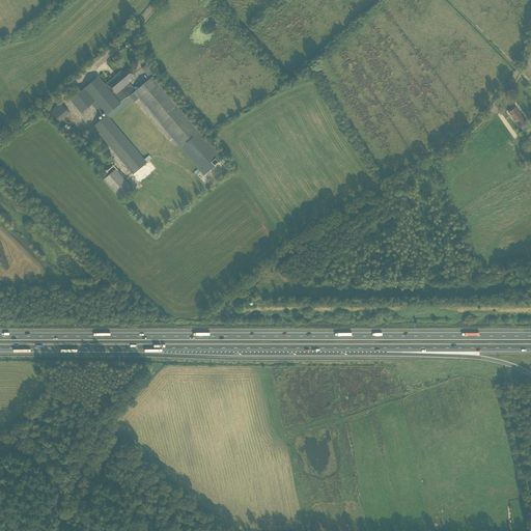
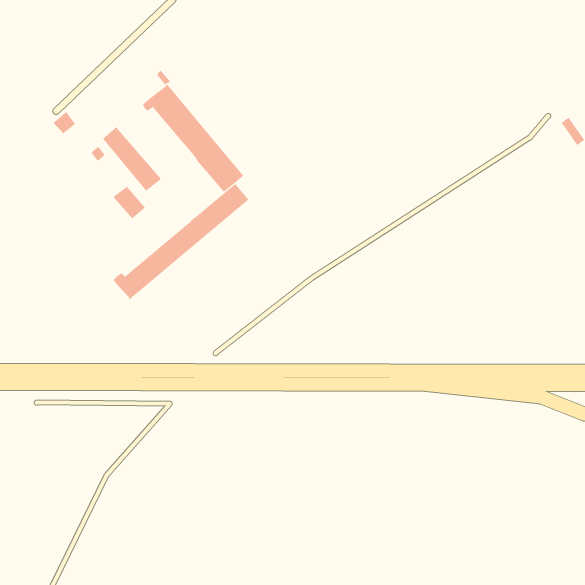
building: [69,67,135,117] -> none
building: none -> [113,183,249,300]

